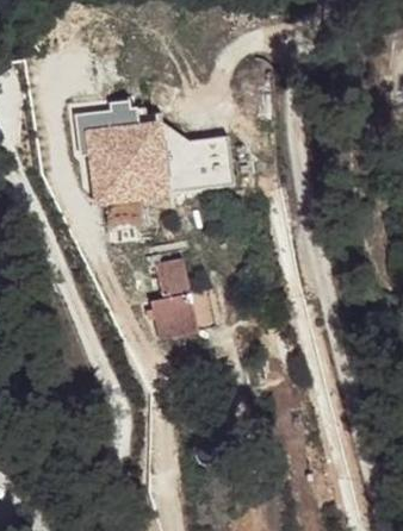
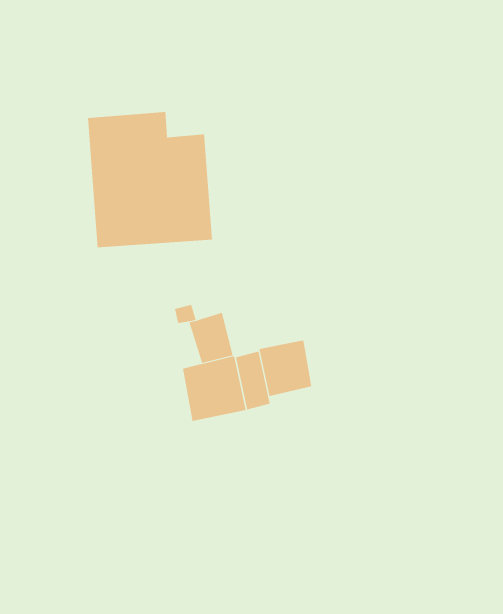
building: [185,148,235,189] -> none
building: none -> [259,340,312,397]

